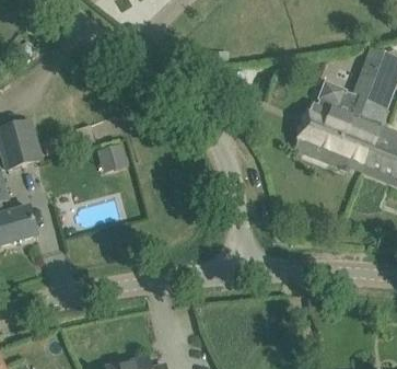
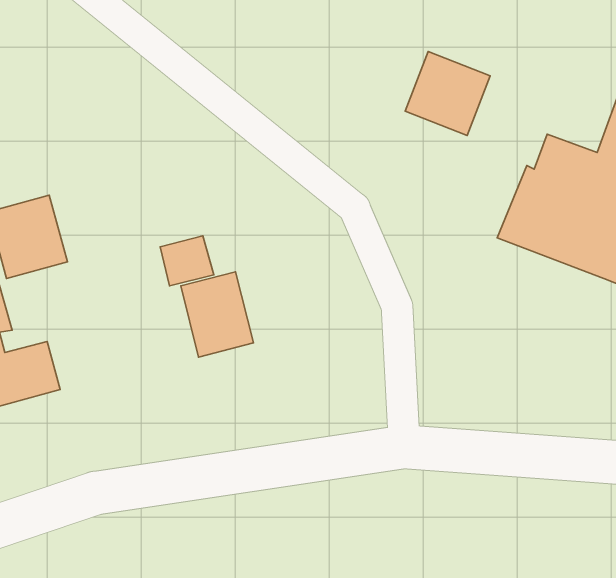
building: none -> [405,52,490,136]
building: none -> [181,272,253,357]

